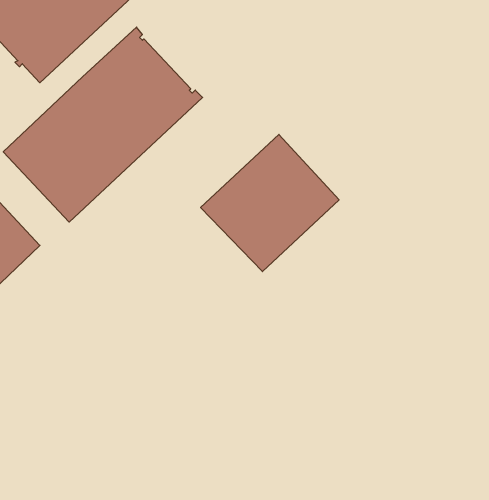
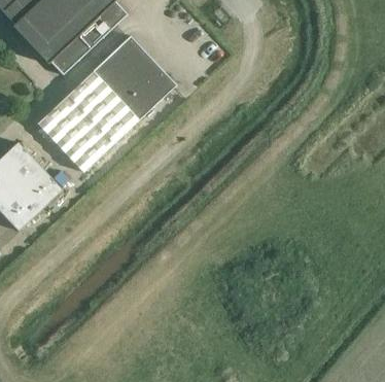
building: [201,134,339,272] -> none

